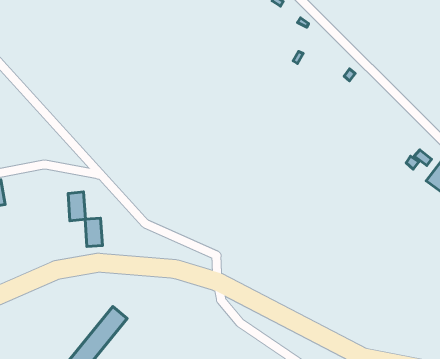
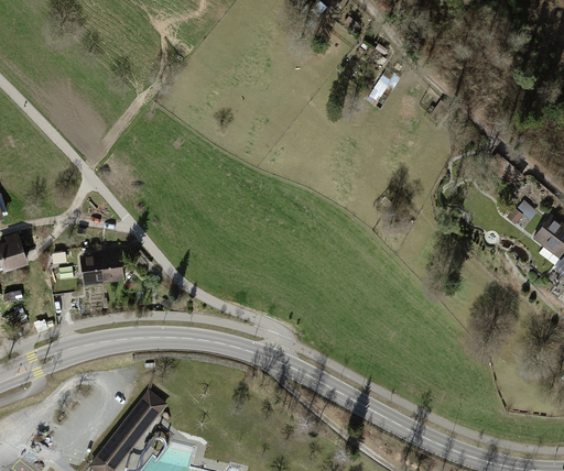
building: [85,218,102,246] -> [79,253,100,287]

